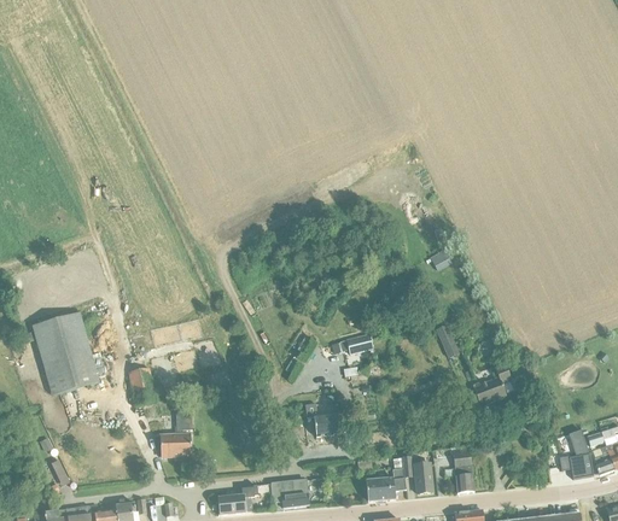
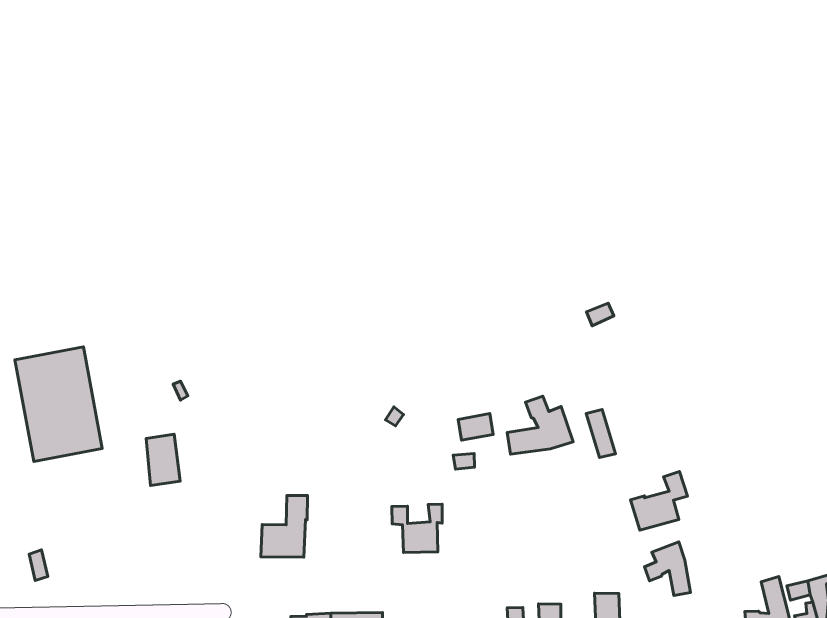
building: none -> [507,396,573,454]
building: none -> [644,542,691,595]
building: [161,412,192,458] -> [261,496,308,557]

